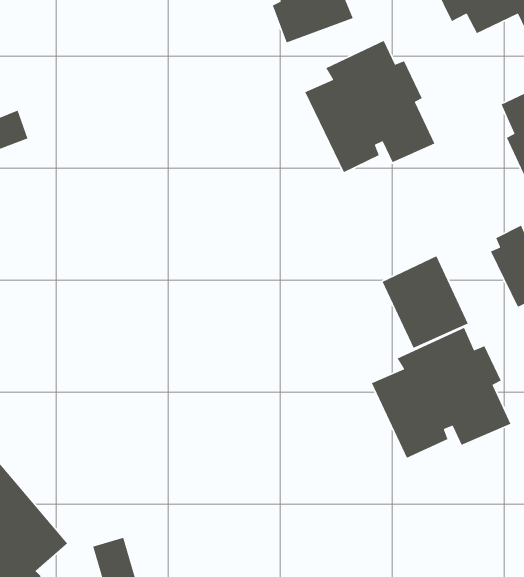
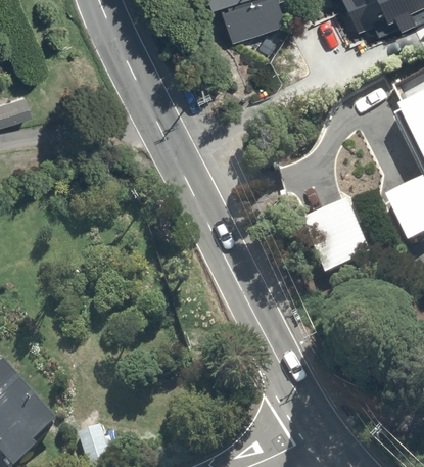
building: [304,40,436,173] -> none
building: [371,327,511,459] -> none

